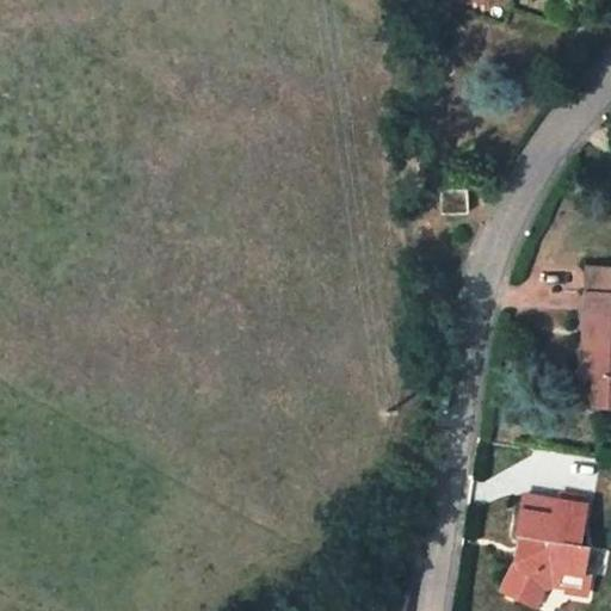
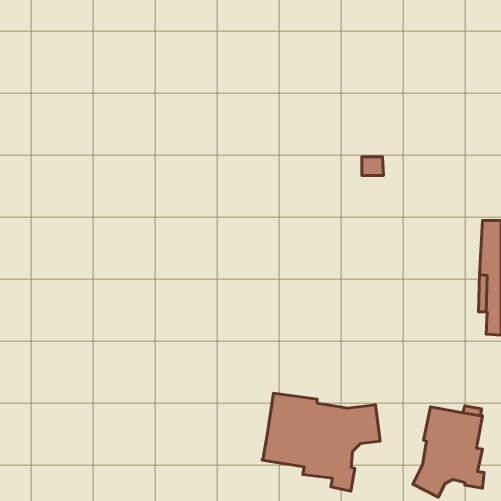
building: none -> [262,393,380,491]

